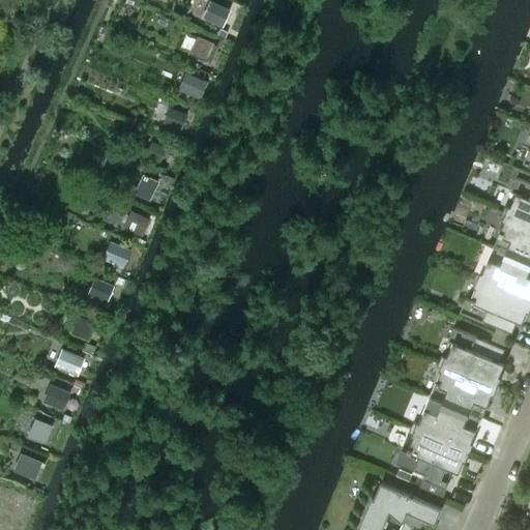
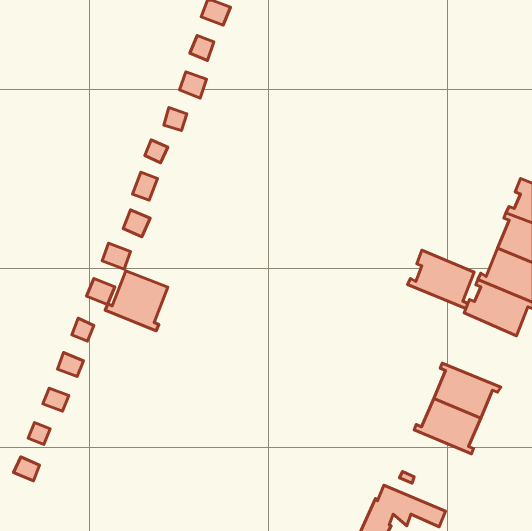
building: none -> [105,271,168,331]
building: [440,328,506,386] -> [407,250,474,309]
building: [398,429,469,495] -> none

